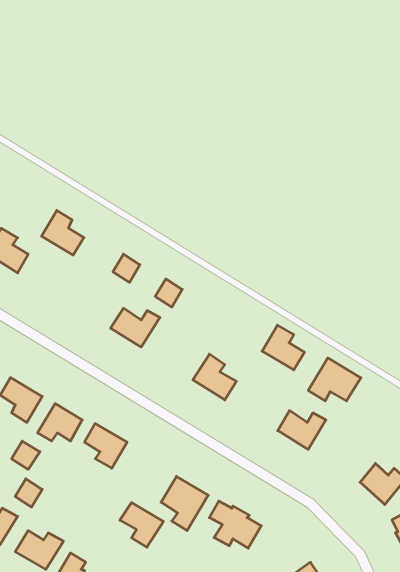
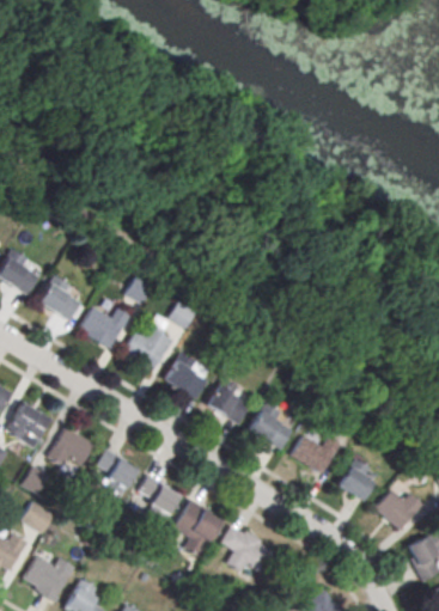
building: [42,210,84,255] -> [37,275,80,320]
building: none -> [80,307,129,349]
building: [262,325,304,370] -> [249,403,292,448]
building: none -> [164,353,207,398]
building: [308,358,361,401] -> none
building: none -> [339,459,377,502]
building: [120,503,163,547] -> [136,476,181,521]

